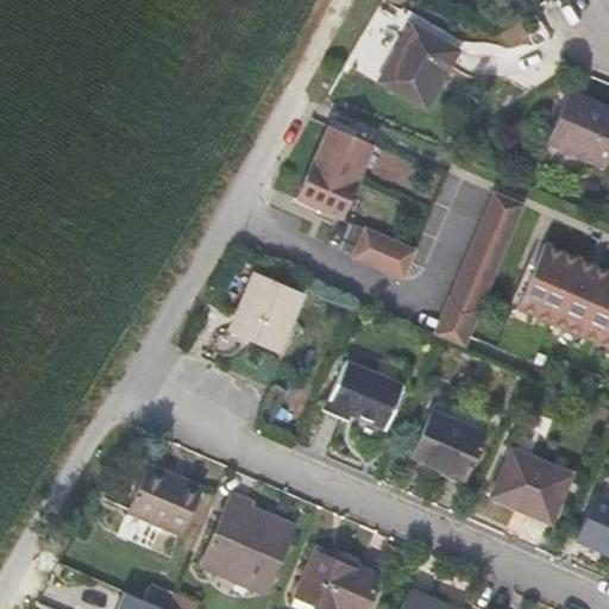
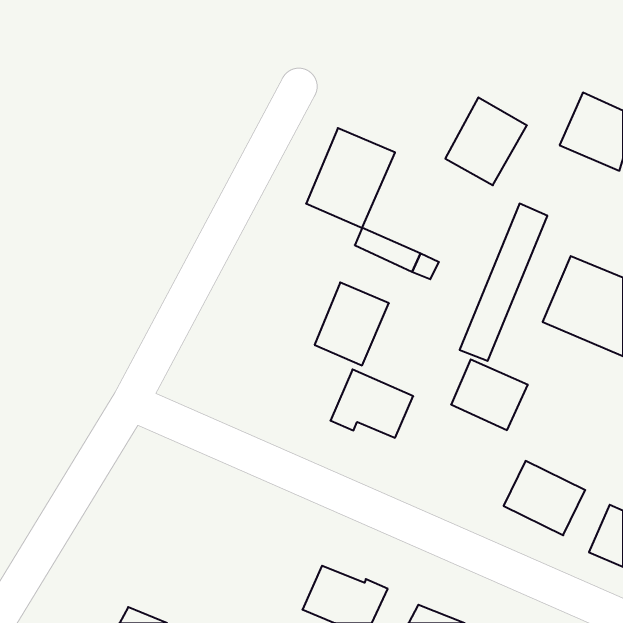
building: [378,23,458,108] -> [445,97,527,185]
building: [230,271,302,352] -> [315,282,389,365]
building: [410,410,485,479] -> [451,359,528,430]
building: [126,464,201,534] -> none
building: [201,492,293,591] -> none

